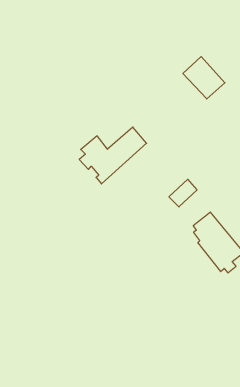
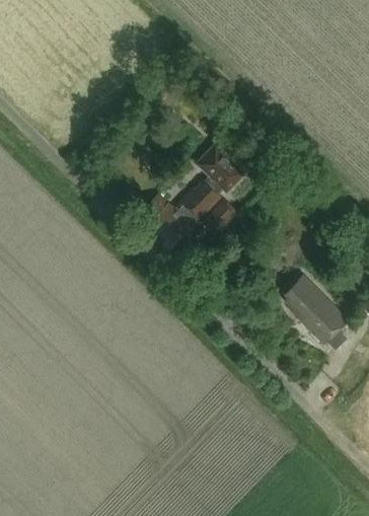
building: [183,57,225,99] -> [195,142,246,193]
building: [169,179,197,207] -> [203,200,236,234]

